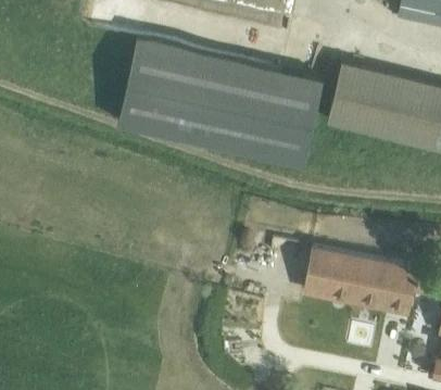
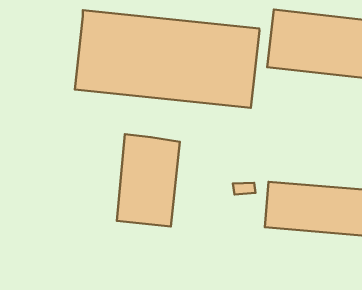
building: none -> [117,134,180,227]

